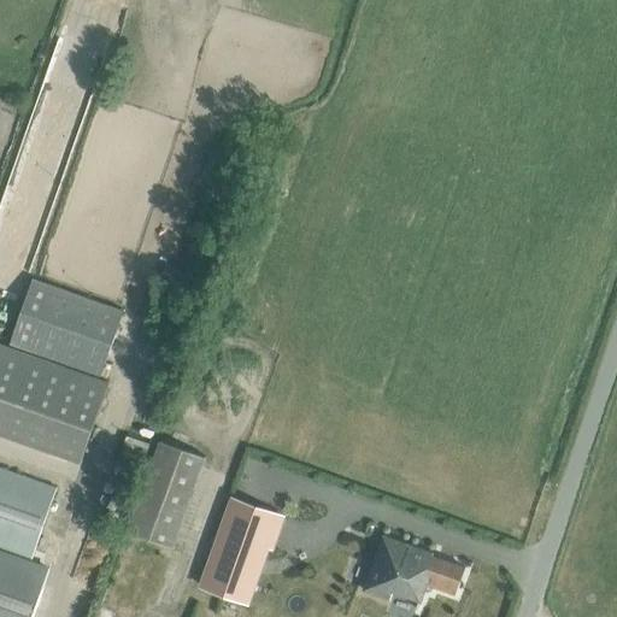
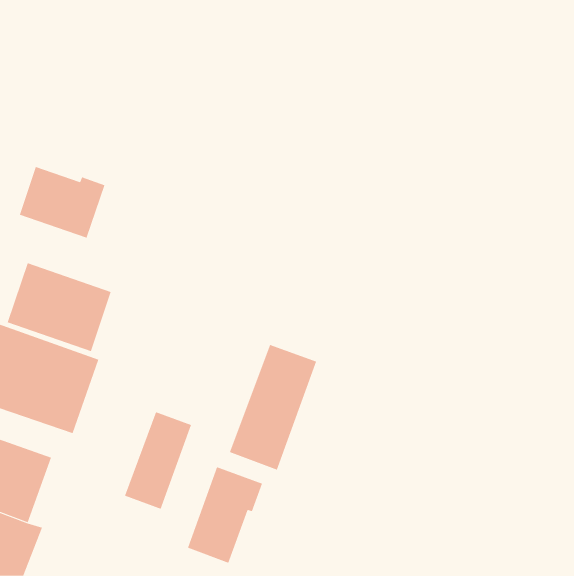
building: none -> [19,166,105,238]
building: none -> [229,344,317,470]
building: [362,535,463,609] -> none

